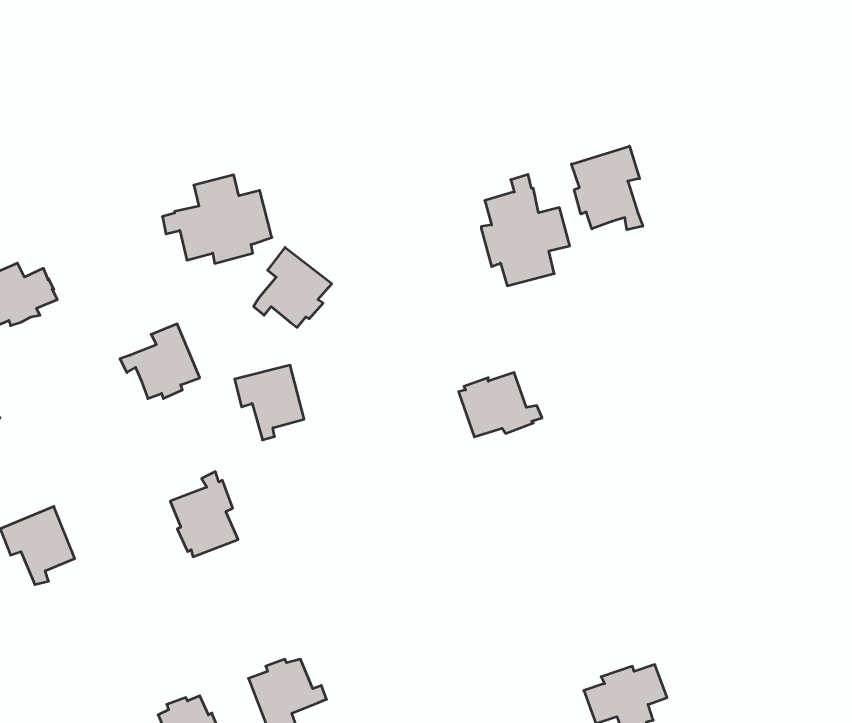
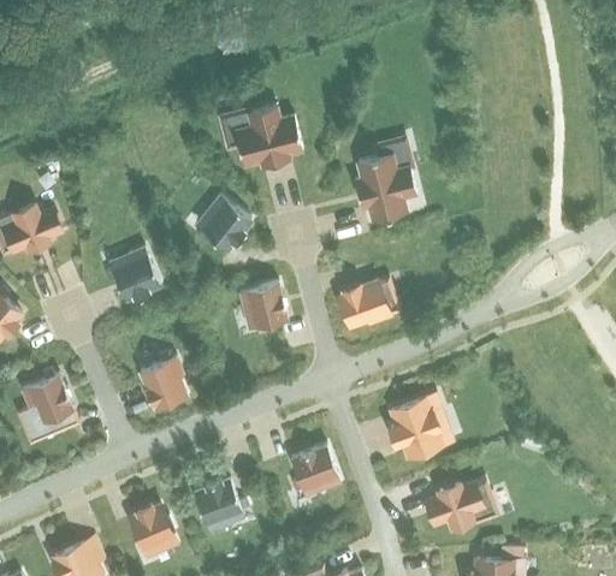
building: [571,146,643,230] -> none
building: [162,175,272,263] -> [226,106,302,167]
building: [235,365,304,440] -> [239,283,288,334]
building: none -> [390,396,443,456]
building: none -> [290,445,340,491]

